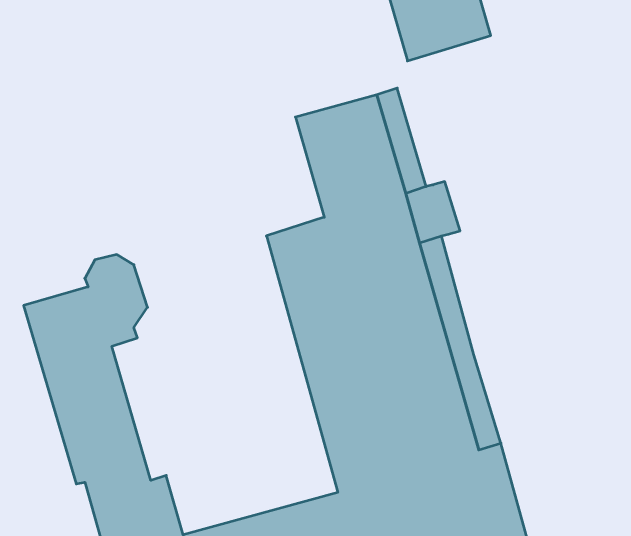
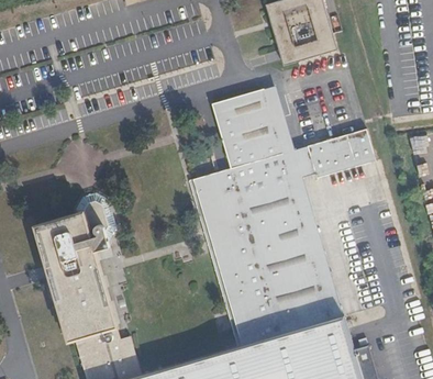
building: none -> [307,127,376,177]

